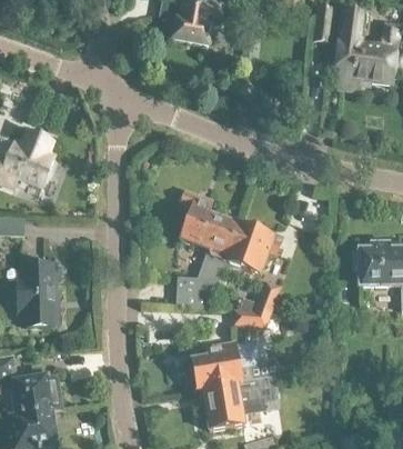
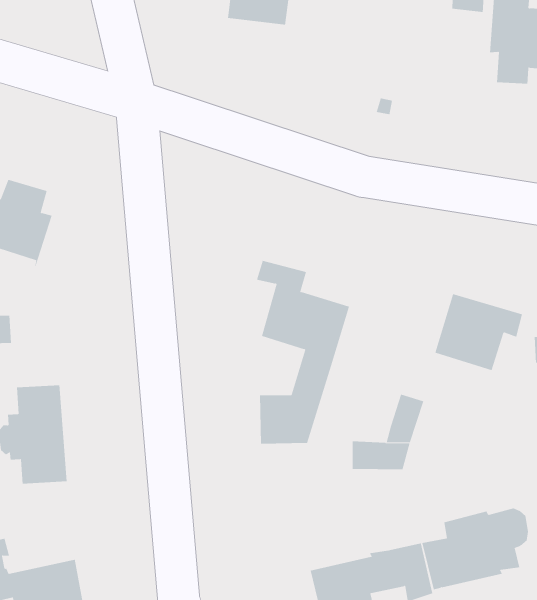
building: [224,223,281,273] -> [435,293,523,371]
building: [192,340,260,389] -> [422,508,529,590]

